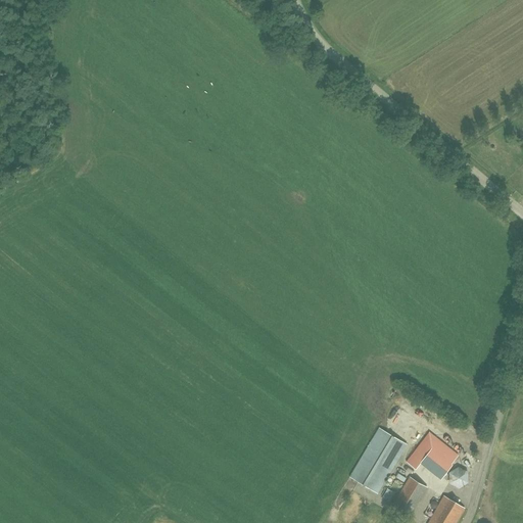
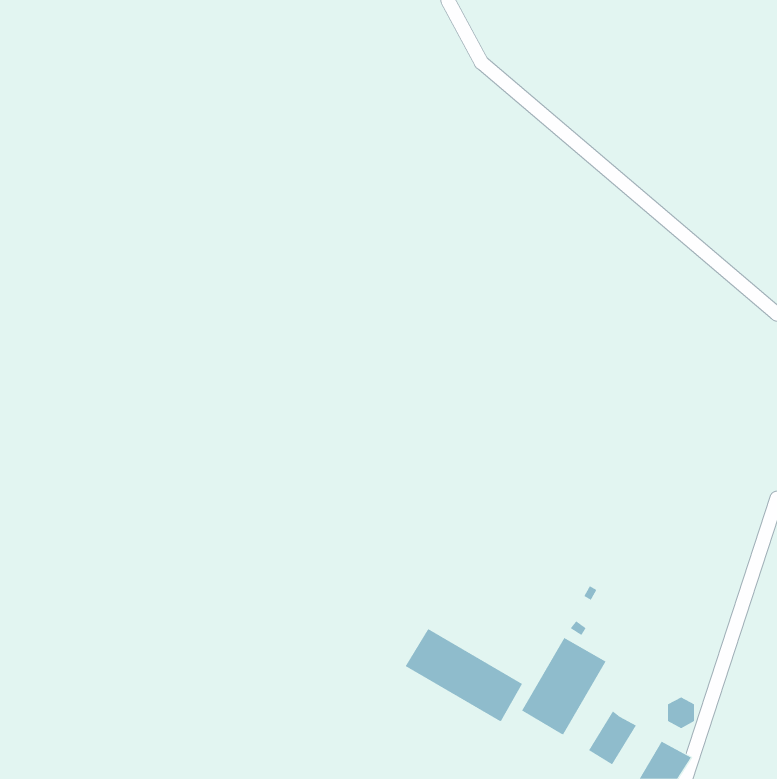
building: none -> [405,628,523,722]
building: [406,432,458,479] -> none

